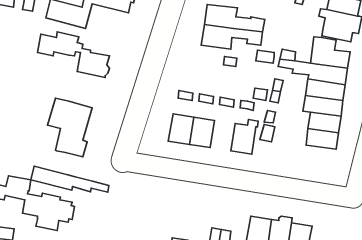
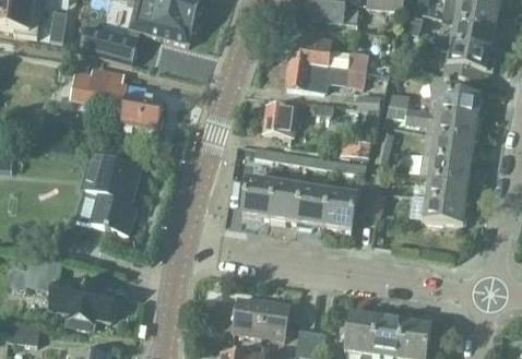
building: none -> [262,104,295,135]
building: none -> [295,187,329,228]
building: [31,166,109,192] -> none
building: none -> [233,299,289,339]

